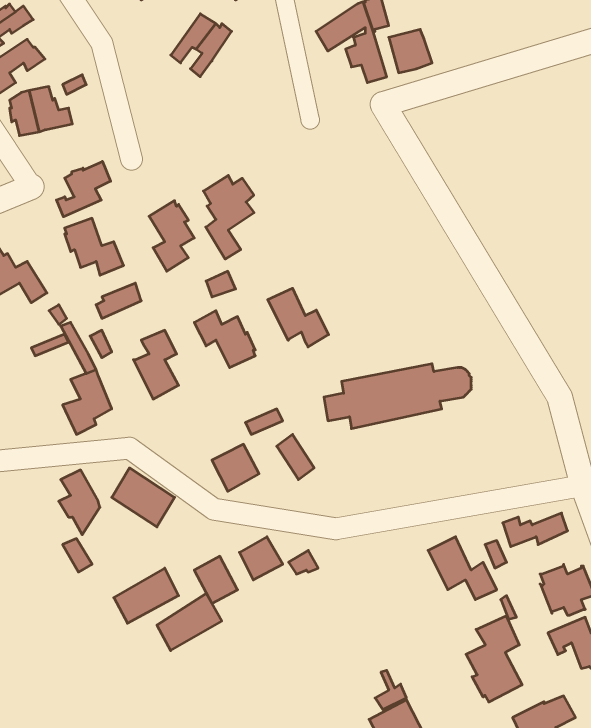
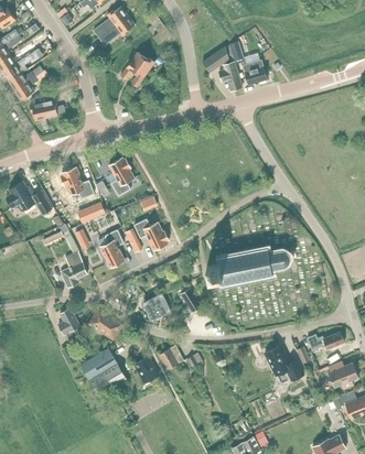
building: [56,161,111,217] -> none
building: [203,175,254,259] -> none
building: [268,288,329,347] -> none
building: [157,594,222,651] -> [80,347,117,379]
building: [466,616,522,702] -> none

